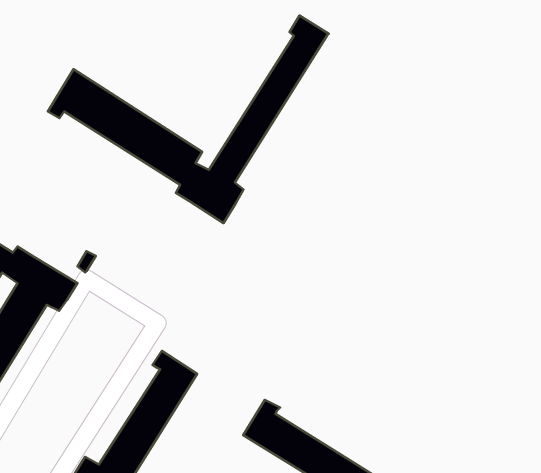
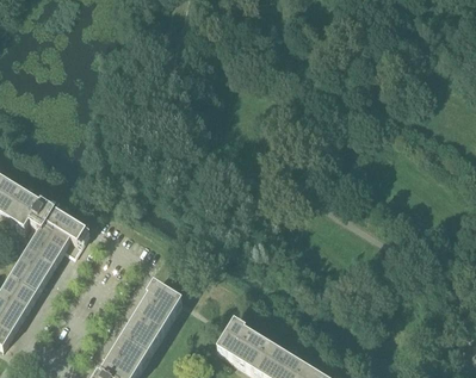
building: [48,15,329,223] -> none

